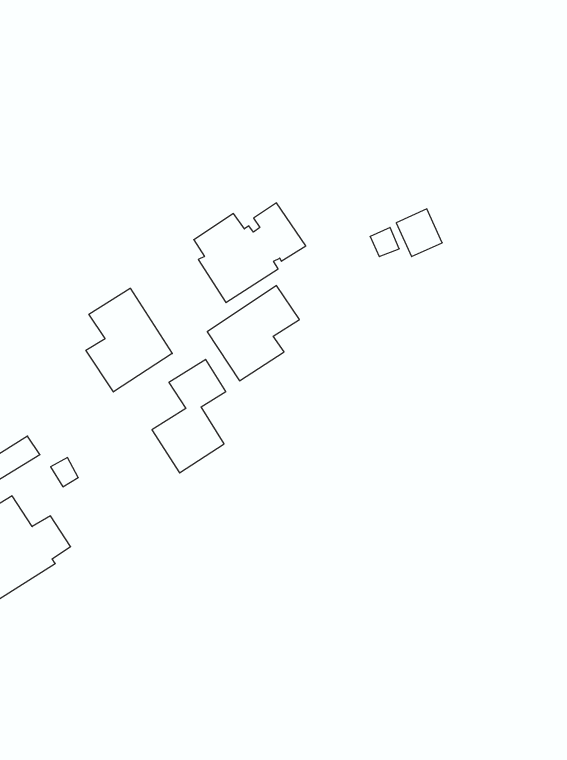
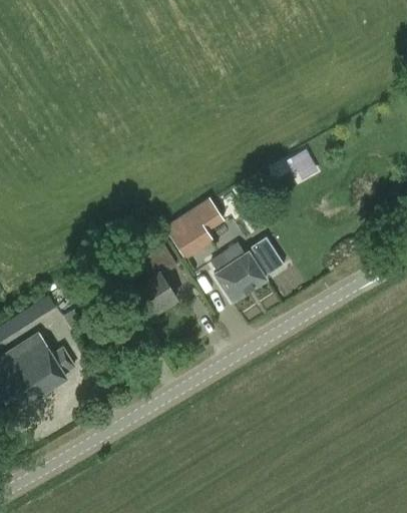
building: [194,203,306,303] -> [212,236,285,302]
building: [86,288,172,392] -> none

